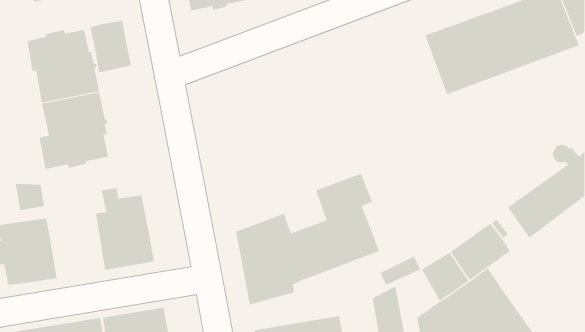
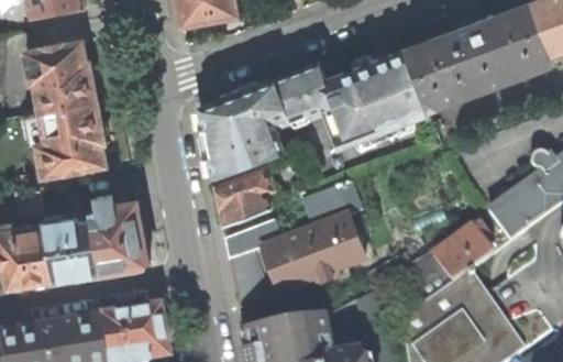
building: [90,19,131,73] -> none
building: none -> [201,48,430,177]
building: none -> [217,169,272,226]
building: none -> [45,216,100,282]

